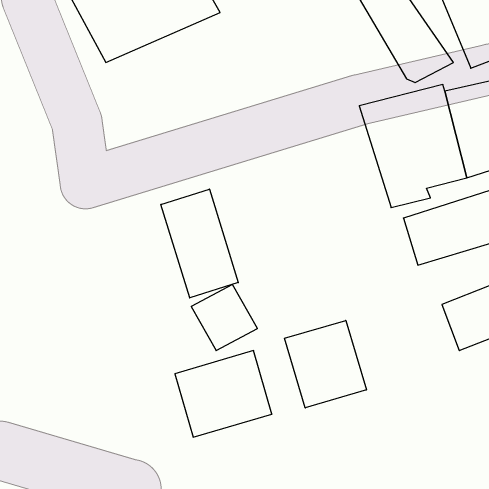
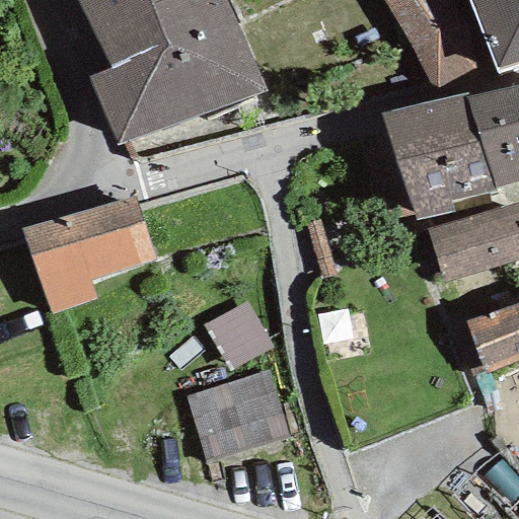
building: none -> [88,13,269,145]
building: none -> [23,193,155,313]
building: [161,189,238,298] -> none
building: [285,320,366,408] -> none

